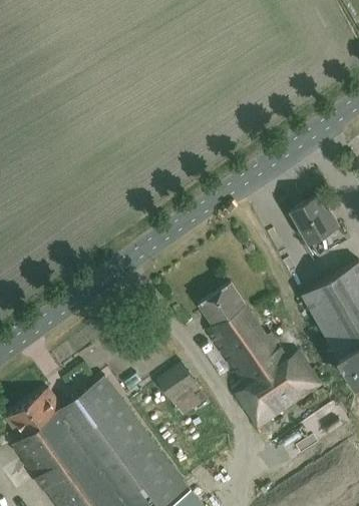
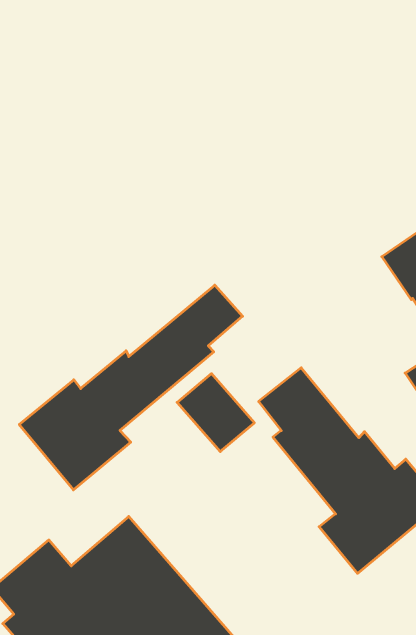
building: none -> [19,285,243,490]
building: [155,362,208,416] -> [177,374,254,452]

